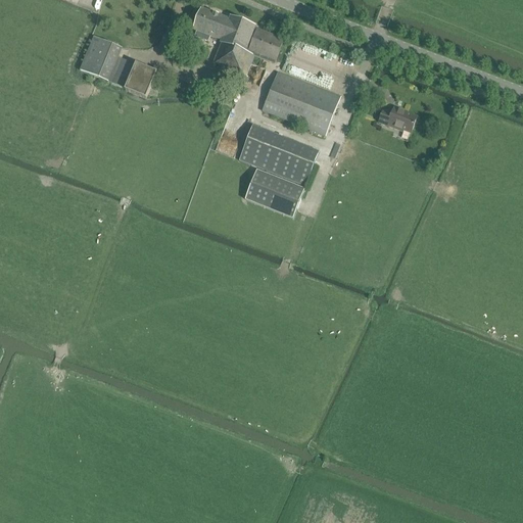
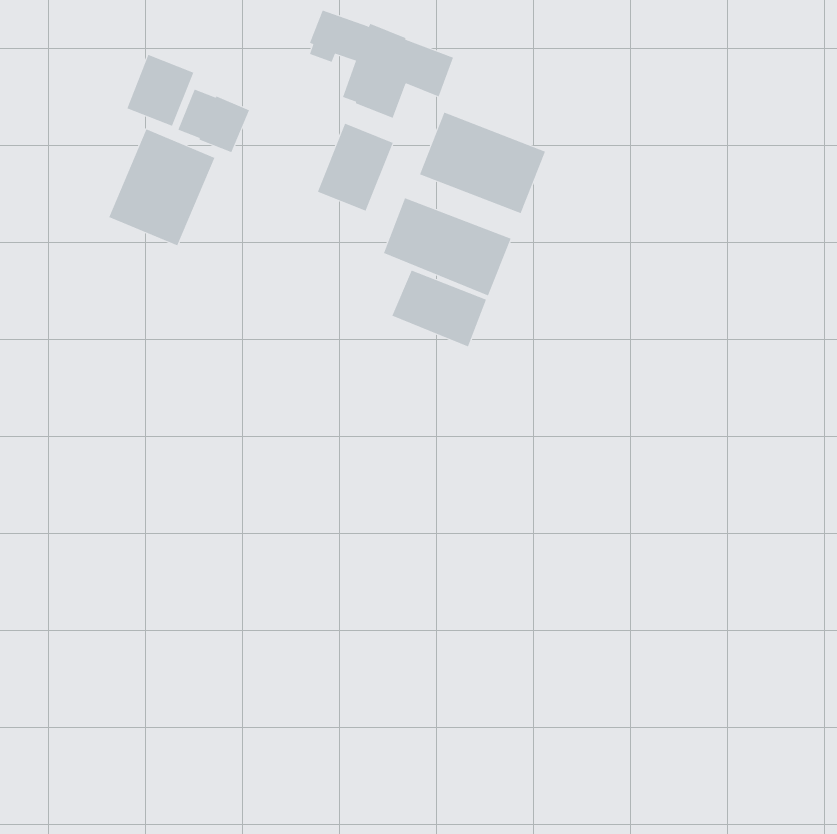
building: none -> [317,123,393,212]
building: none -> [109,129,215,246]
building: [377,104,415,131] -> none

